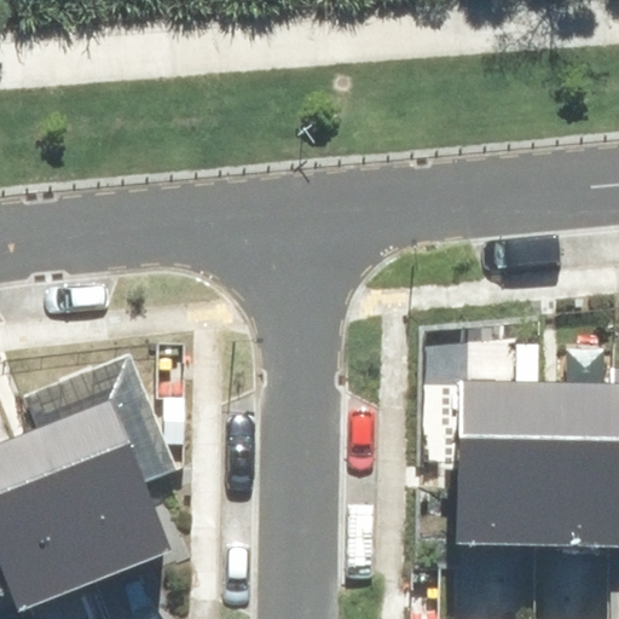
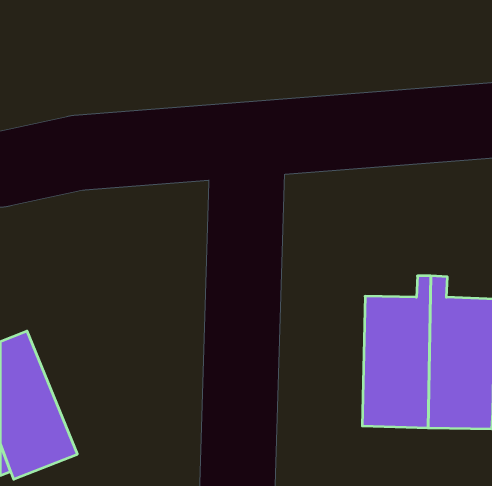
building: [37,395,174,578] -> none

